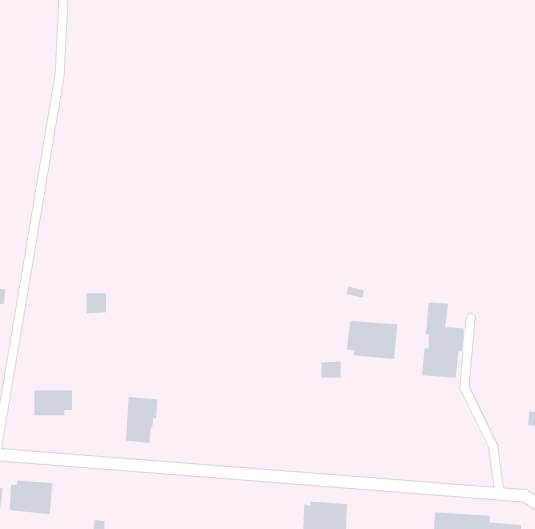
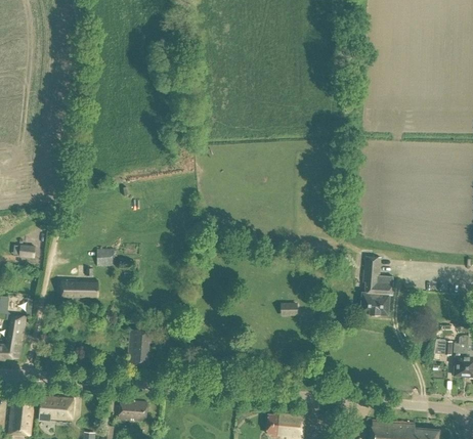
building: [346,320,398,360] -> none
building: [34,390,73,416] -> [62,279,93,300]
building: none -> [116,399,146,421]

